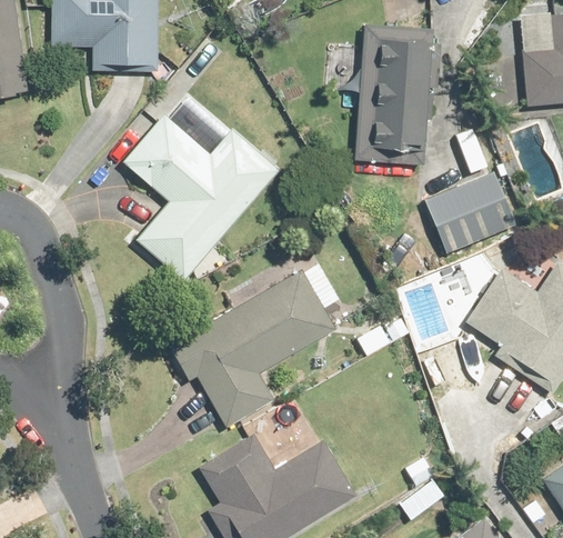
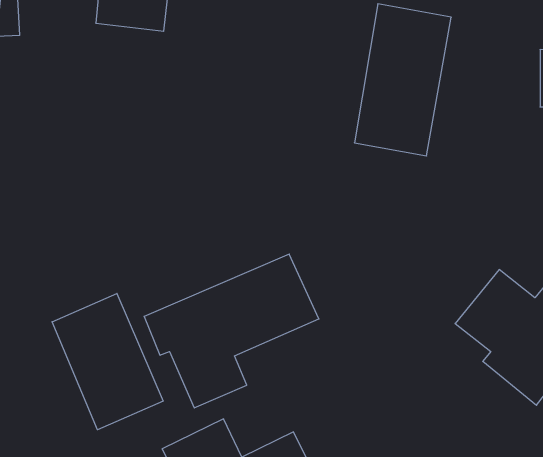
building: [123,113,278,279] -> none
building: [425,171,515,251] -> none
building: none -> [52,293,163,430]

